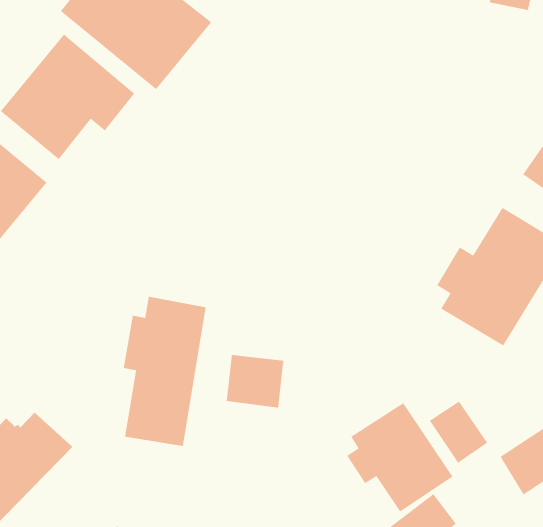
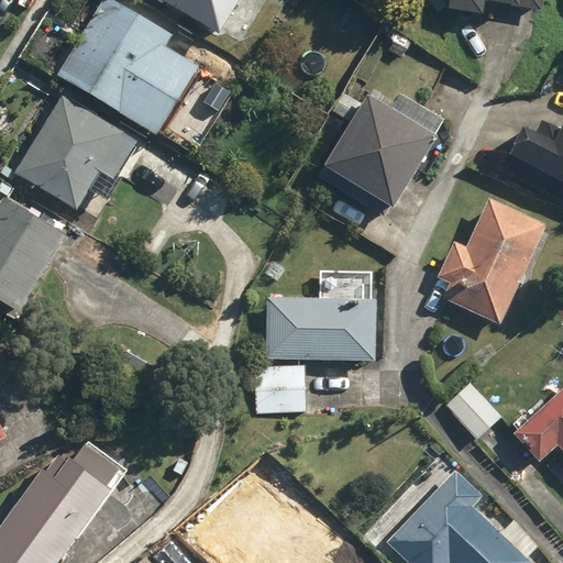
building: none -> [318,92,446,218]
building: none -> [265,296,376,362]
building: [123,296,207,447] -> none
building: [346,402,453,512] -> none

